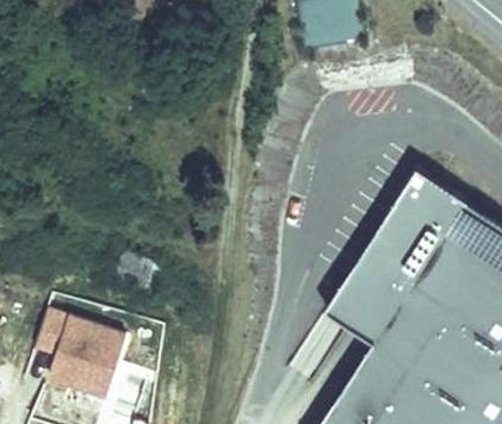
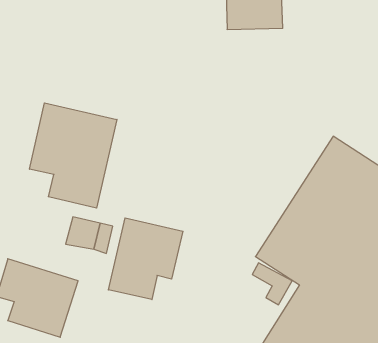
building: none -> [30,103,117,208]
building: none -> [108,218,183,300]

